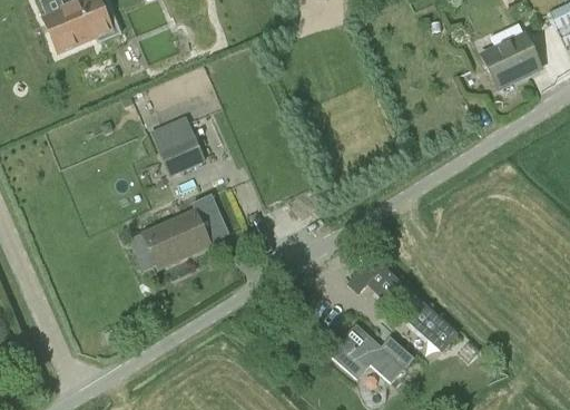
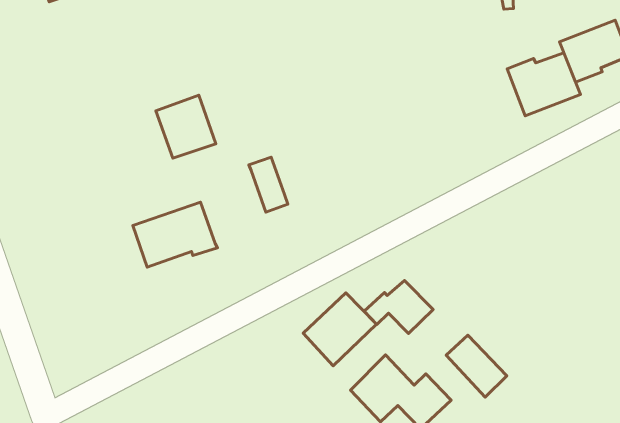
building: none -> [507,53,581,116]
building: [193,196,227,242] -> [249,157,288,212]
building: none -> [303,293,376,366]

